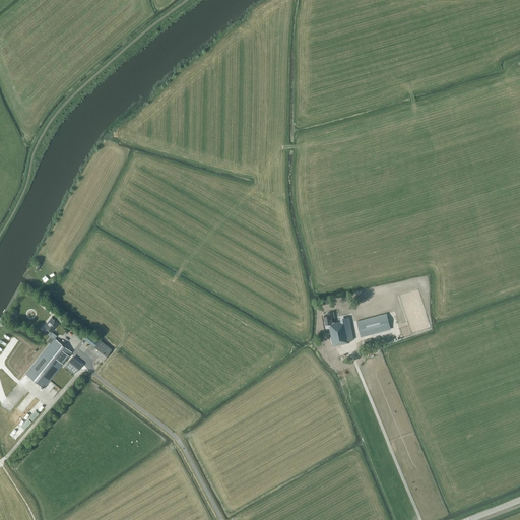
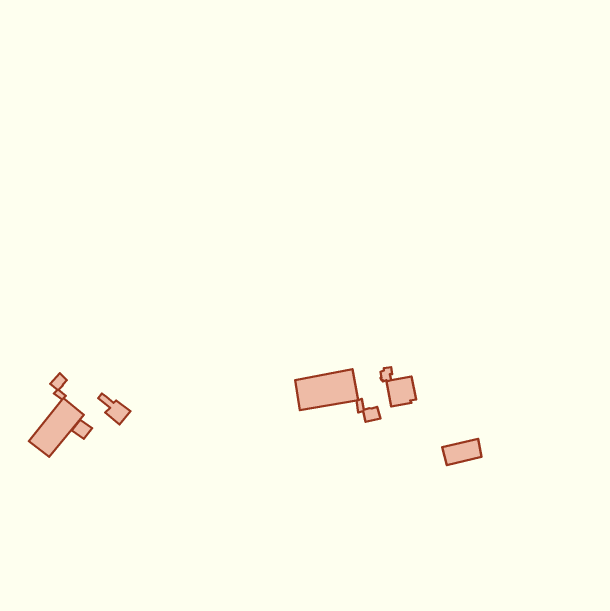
building: none -> [295,369,380,422]
building: [356,314,390,336] -> [442,439,482,465]

